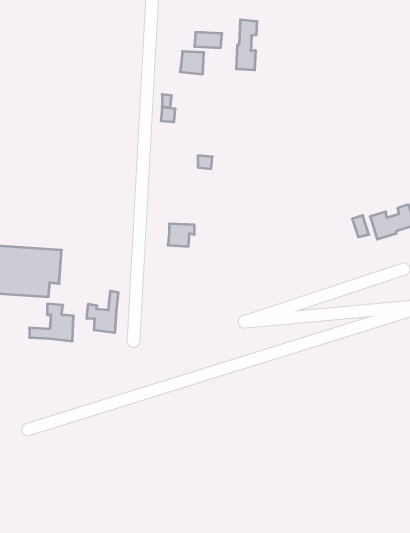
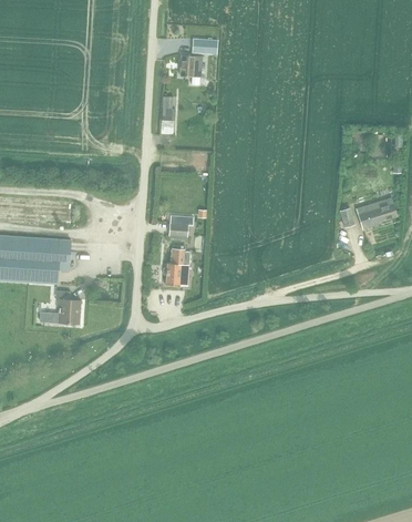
building: [236,20,257,70] -> none
building: none -> [163,248,189,285]
building: [87,291,118,333] -> none

